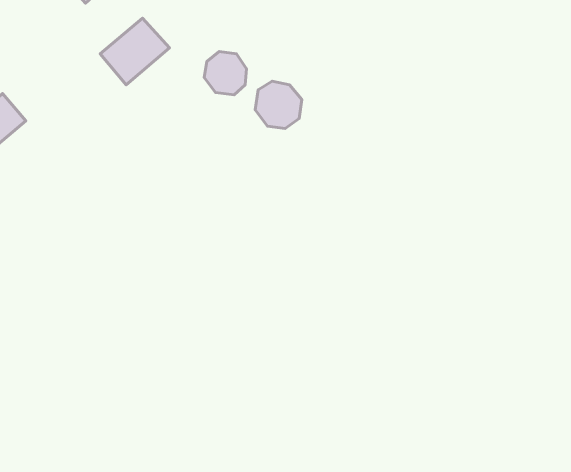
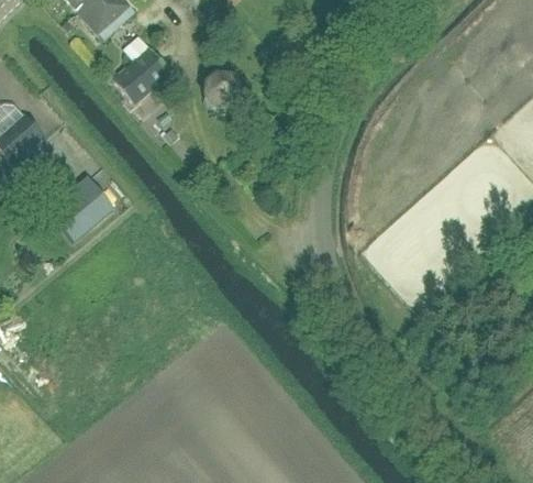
building: [255,81,302,129] -> none
building: none -> [47,175,115,241]

